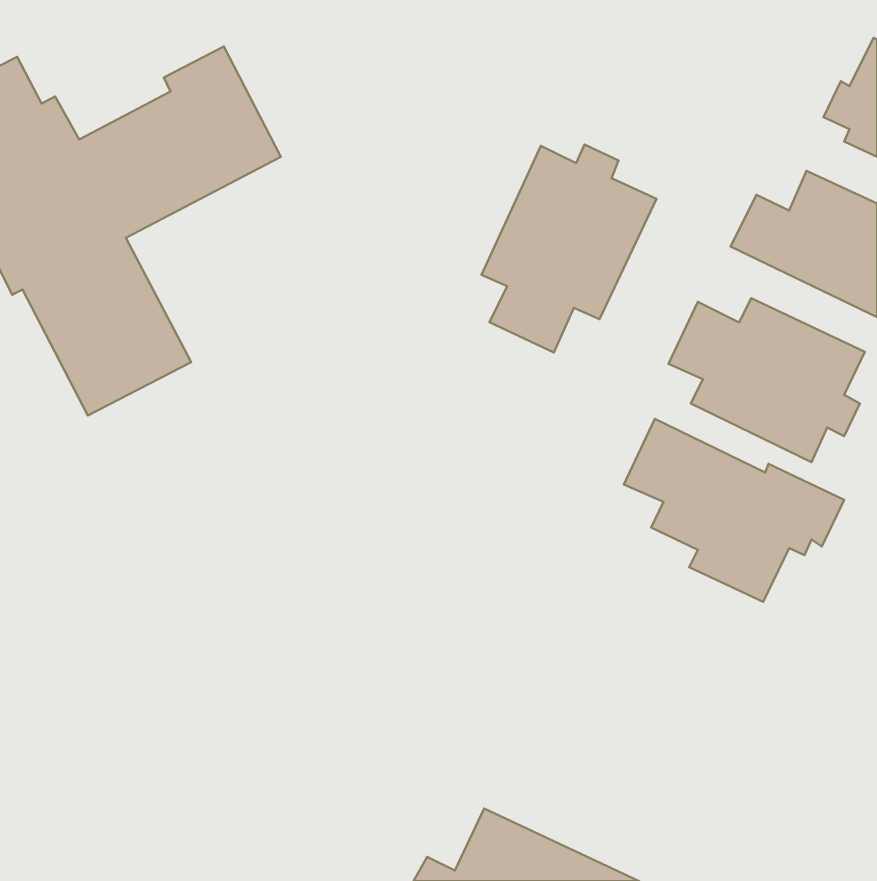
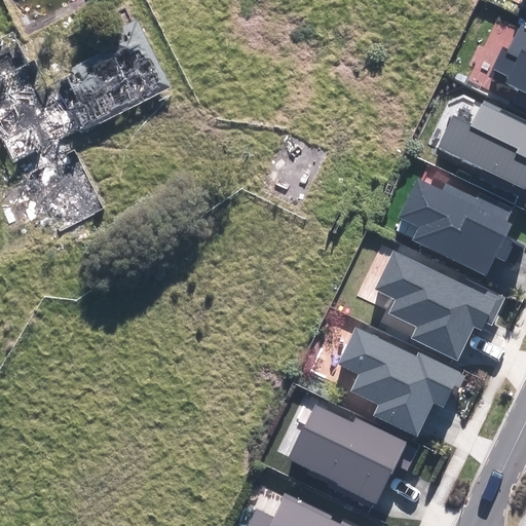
building: [482,145,656,353] -> none
building: none -> [336,328,463,436]
building: none -> [287,406,415,503]

